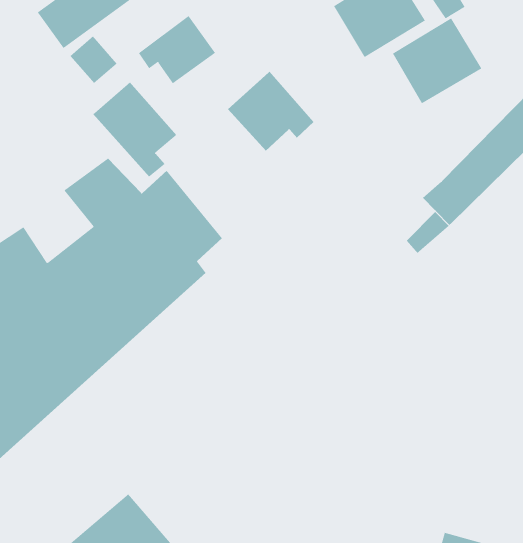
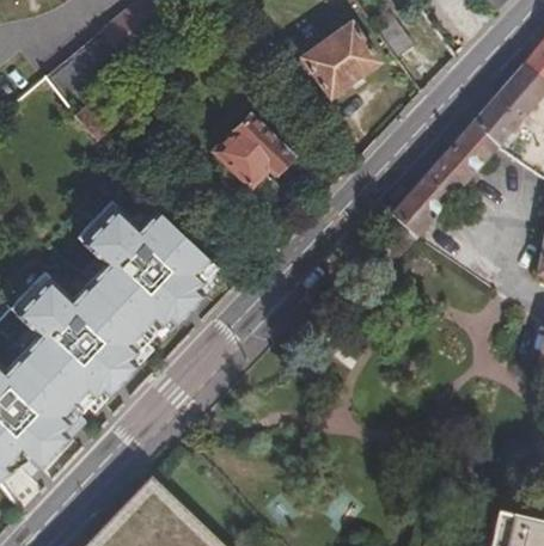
building: [138,15,216,84] -> none
building: [392,17,482,104] -> none
building: [92,81,177,177] -> none

